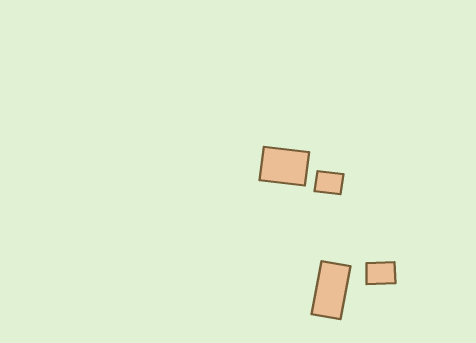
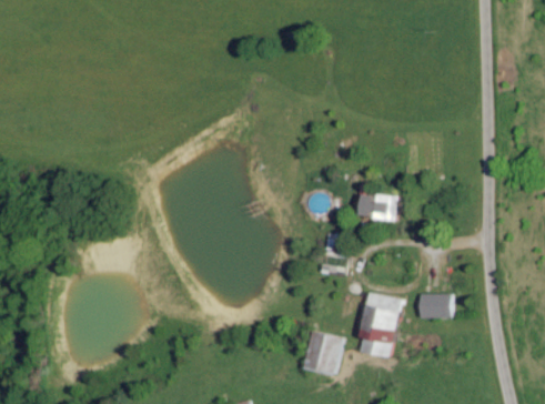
building: [260,147,309,186] -> none
building: none -> [304,330,343,374]

